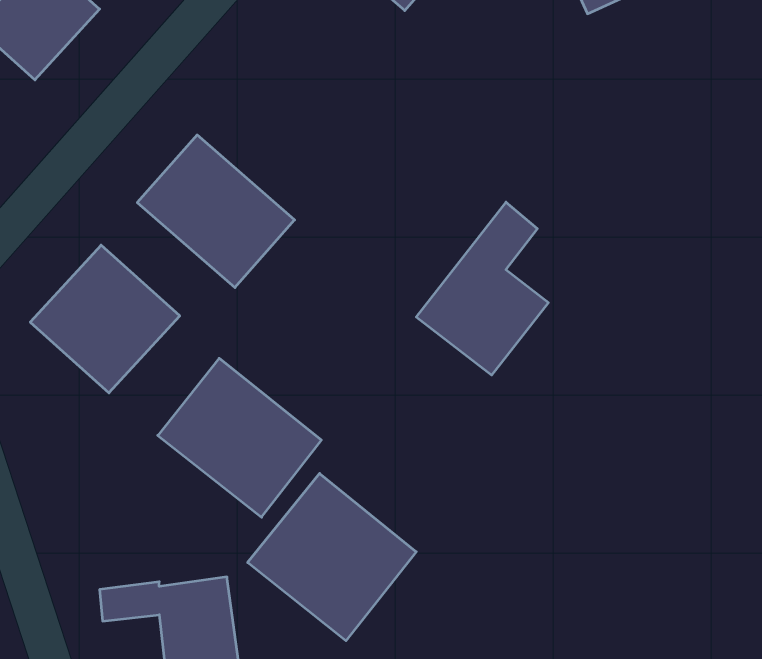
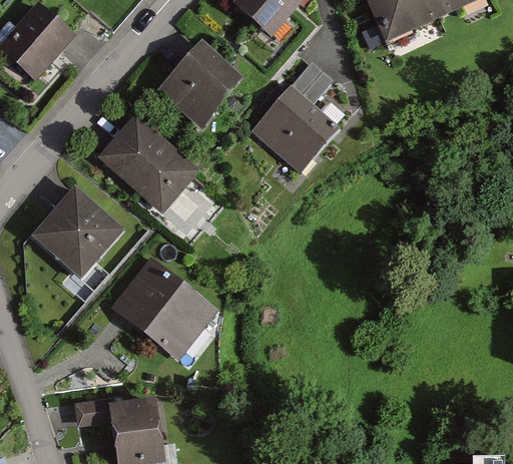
building: none -> [158,41,240,123]
building: [416,202,548,375] -> [252,60,337,170]
building: [248,473,416,641] -> none

